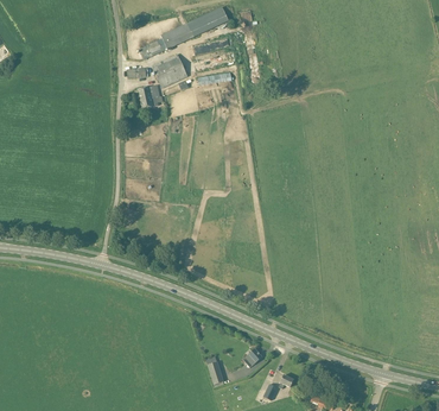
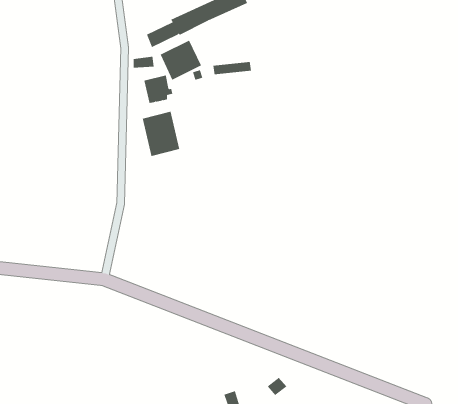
building: none -> [142,111,180,157]

